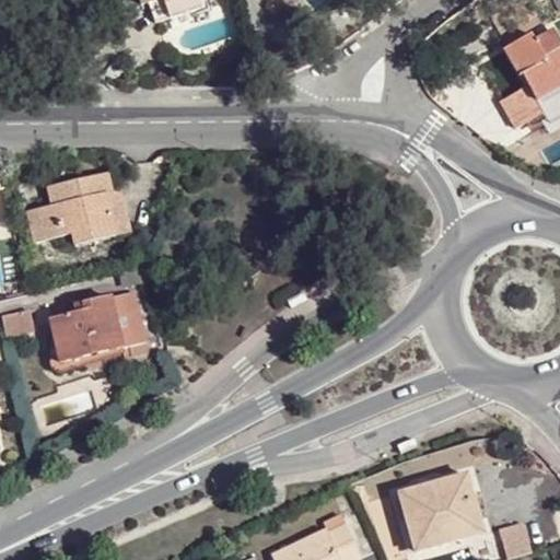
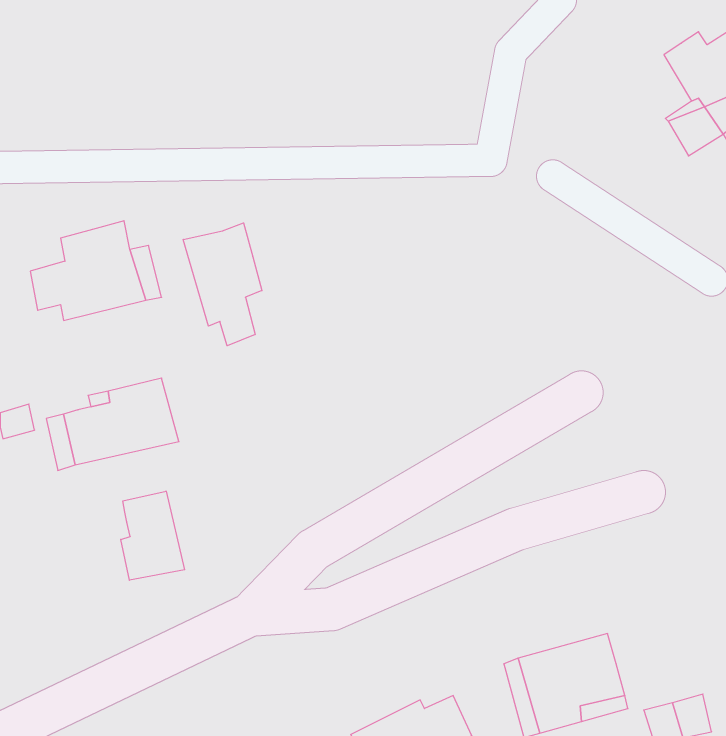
building: none -> [183,223,262,346]
building: none -> [121,491,185,580]

